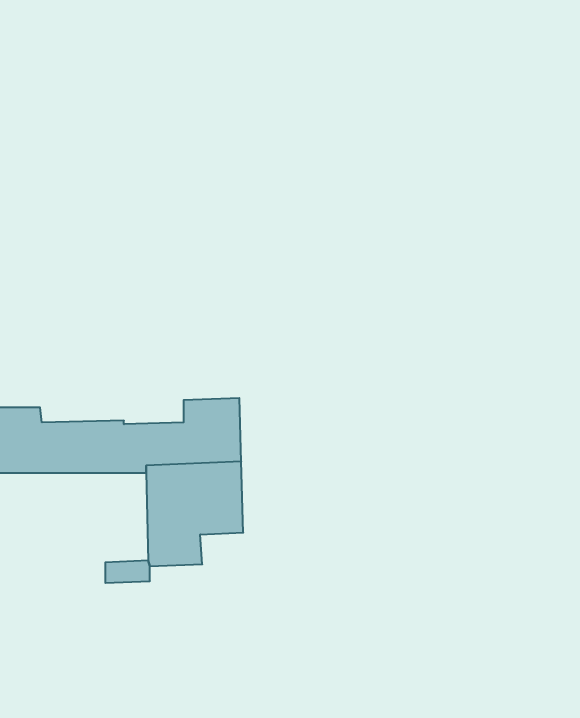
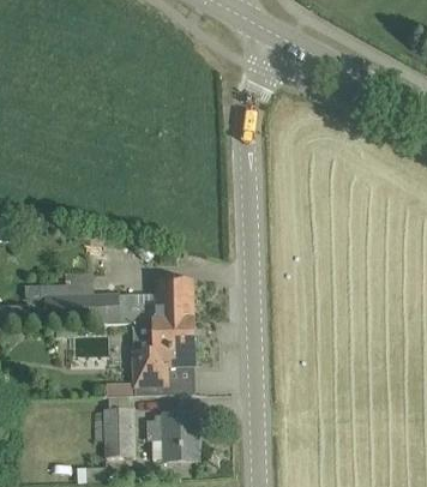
building: none -> [103,405,132,455]
building: none -> [145,411,197,458]

